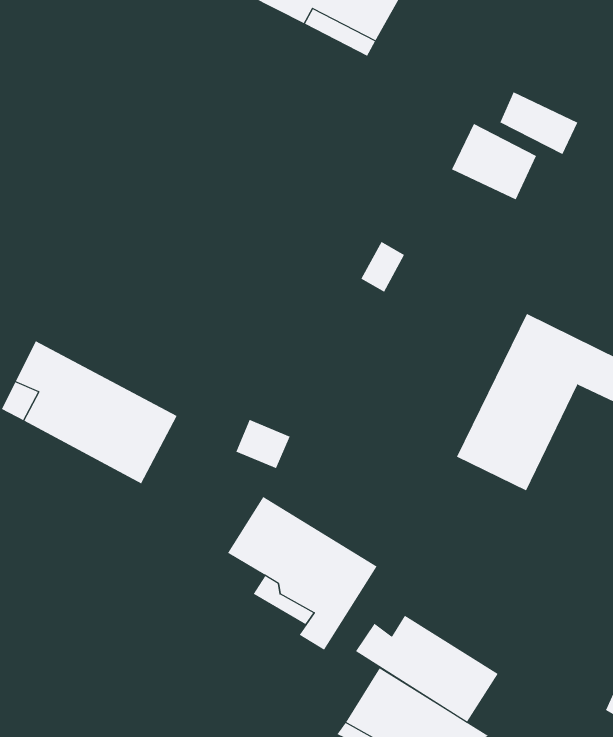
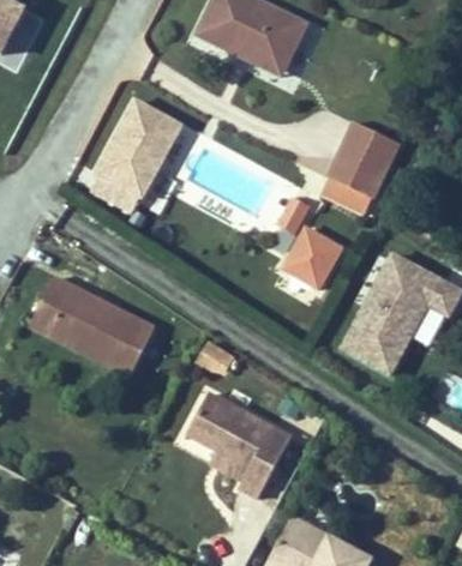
building: [499,92,578,155] -> [331,156,386,200]
building: none -> [97,107,179,200]
building: none -> [282,234,344,299]
building: [355,615,499,722] -> none

